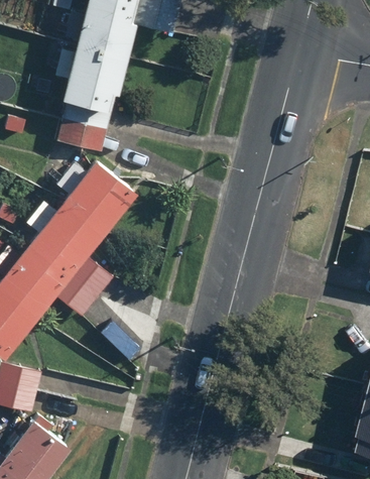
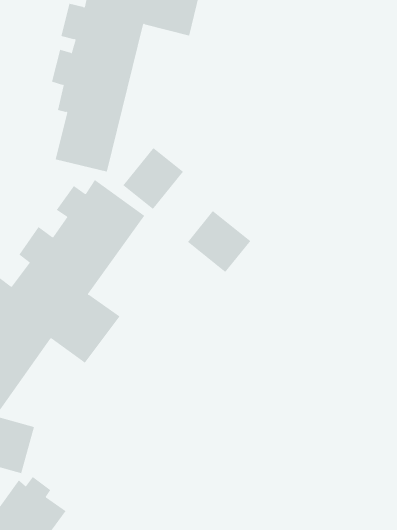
building: none -> [123,147,184,210]
building: none -> [187,210,251,273]

